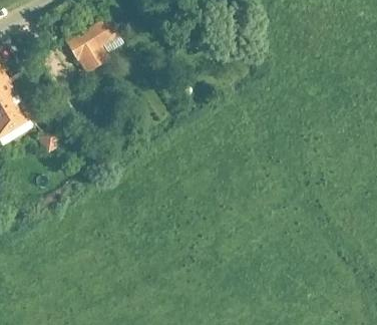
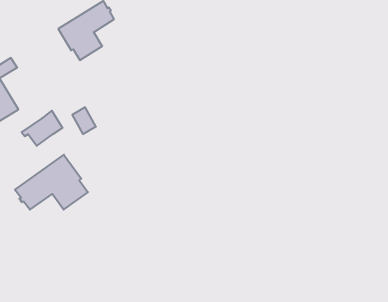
building: none -> [15,155,88,210]

